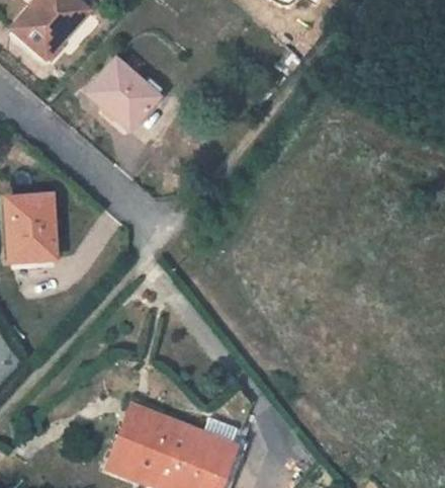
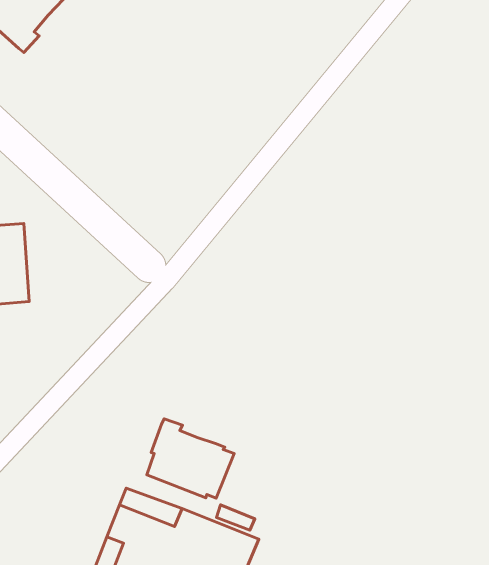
building: [87,60,159,131] -> none
building: none -> [147,419,234,498]

